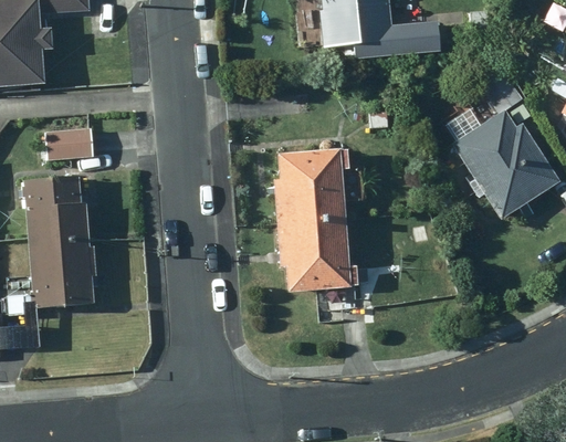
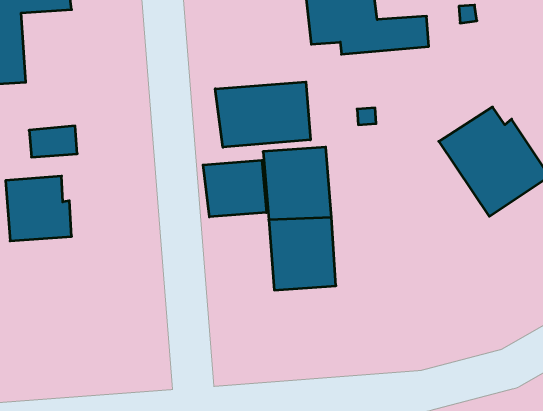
building: none -> [215,82,310,147]
building: none -> [203,160,266,217]
building: [28,238,93,306] -> none

